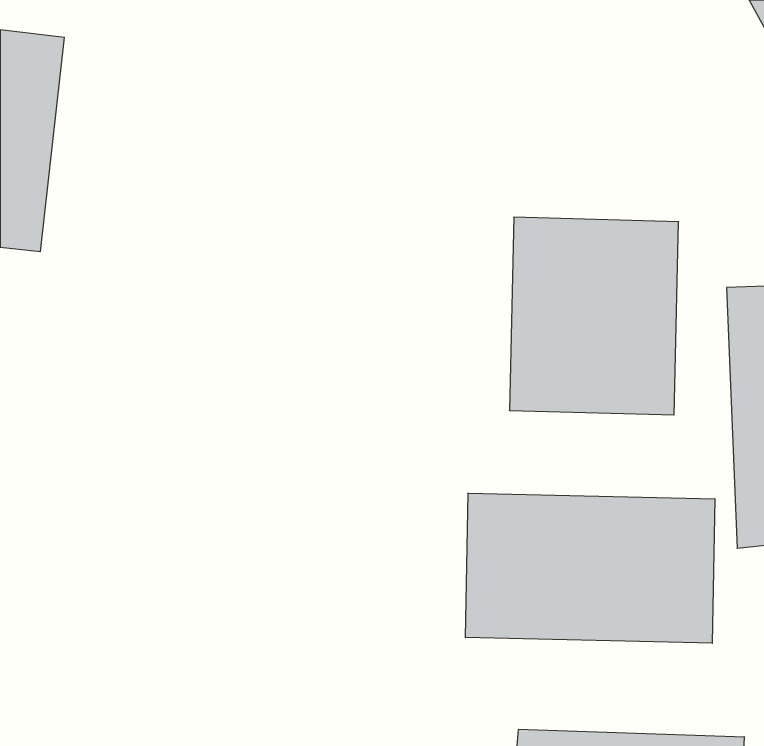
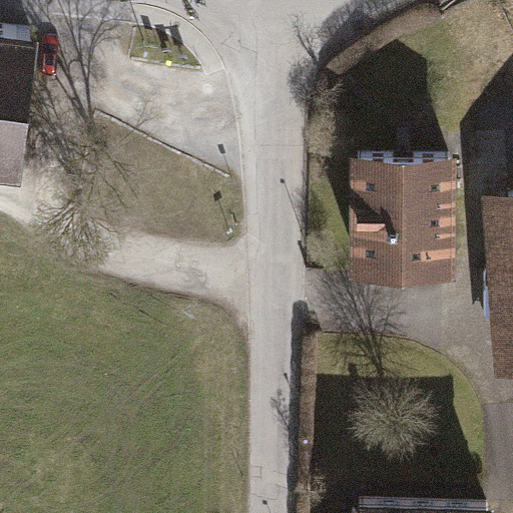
building: [465,493,715,643] -> none

